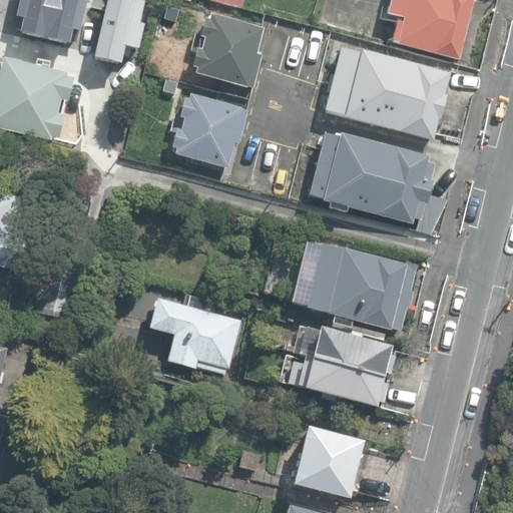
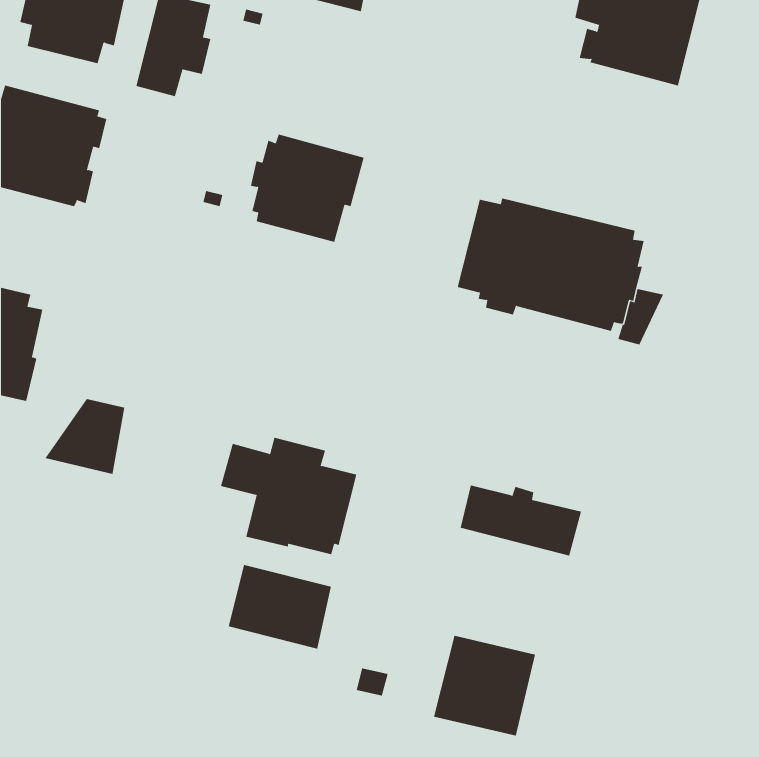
building: [190,12,263,85] -> none
building: [324,48,450,139] -> none
building: [306,240,416,330] -> none
building: [288,354,385,407] -> none
building: none -> [228,564,332,649]

